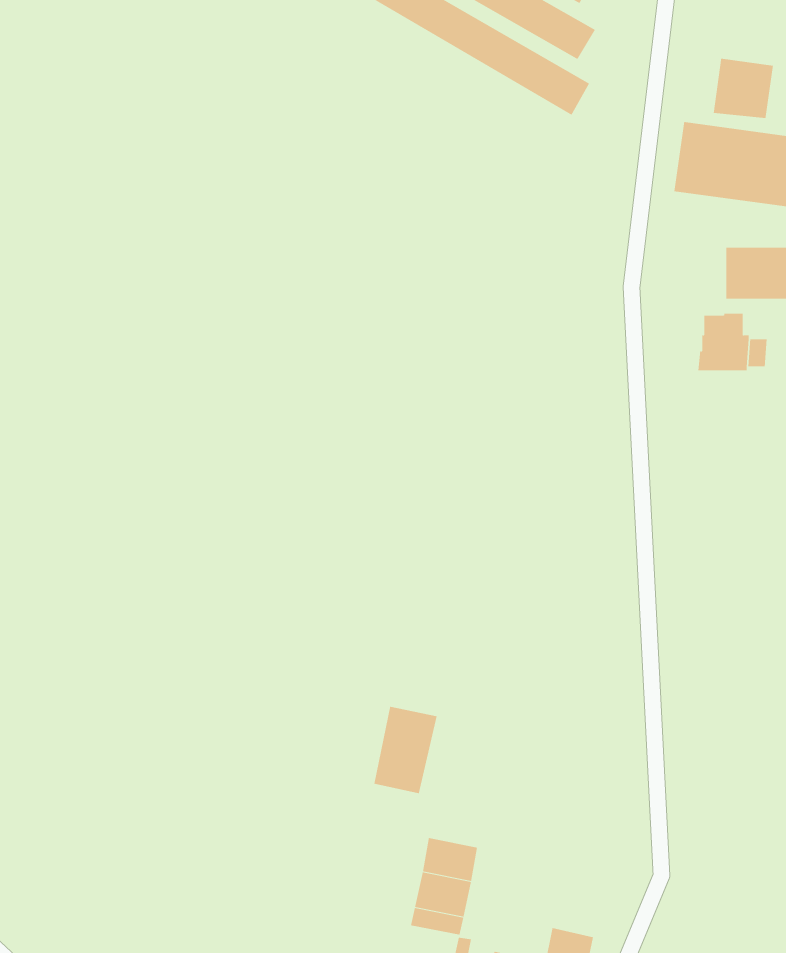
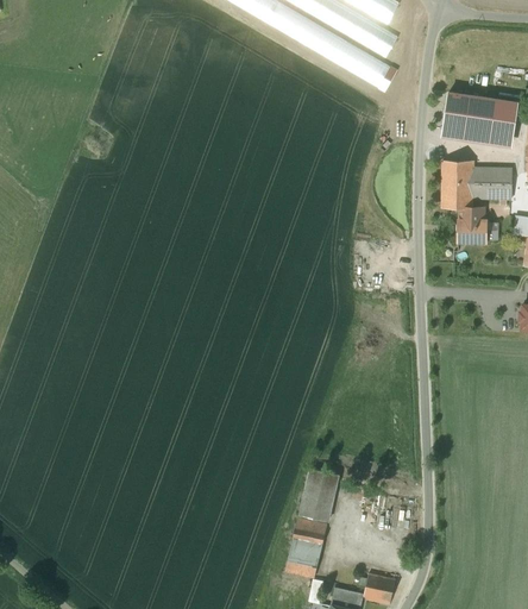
building: [713,58,773,119] -> none
building: none -> [441,161,473,208]
building: [374,706,437,794] -> [300,469,338,521]

